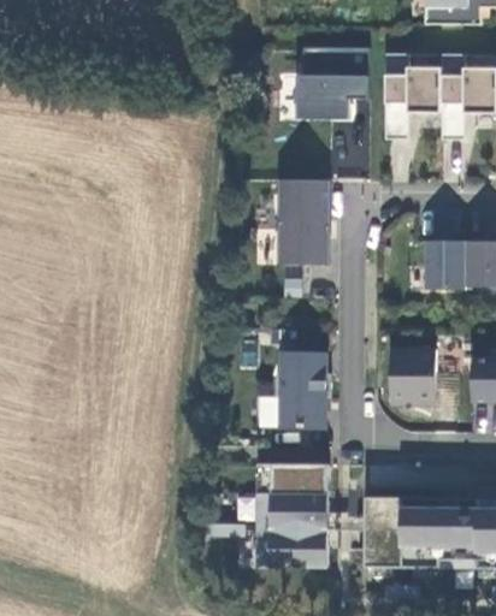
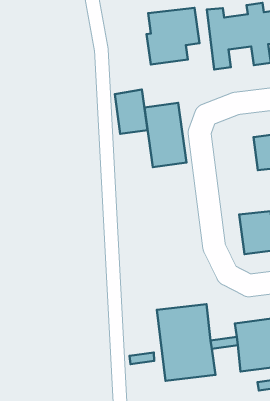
building: none -> [115,90,147,134]
building: [276,351,330,430] -> none

